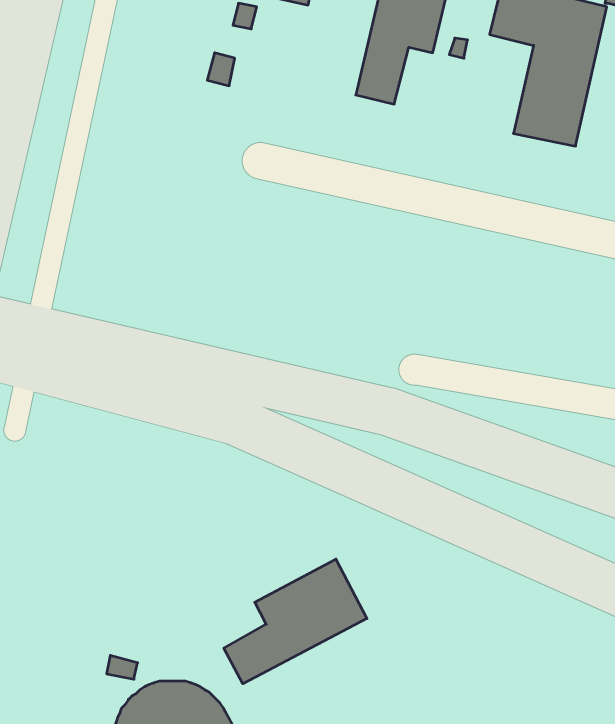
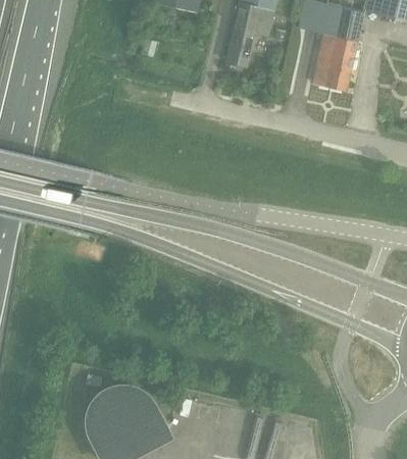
building: [224,559,367,684] -> none

